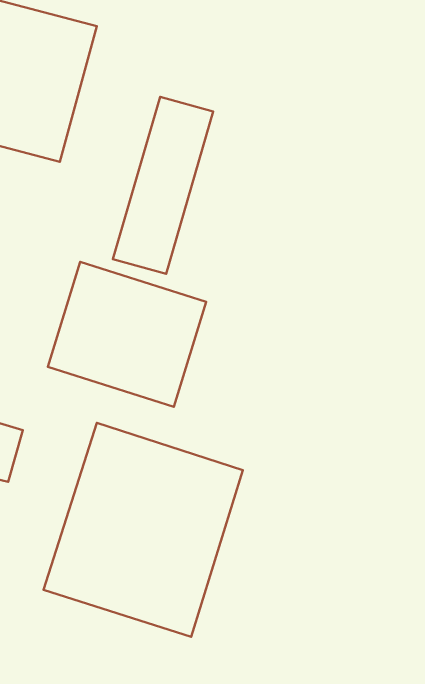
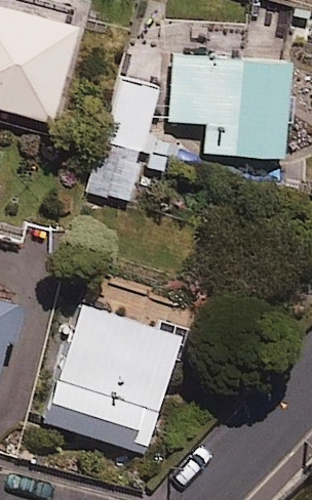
building: none -> [168,54,292,159]
building: [48,262,206,407] -> none

